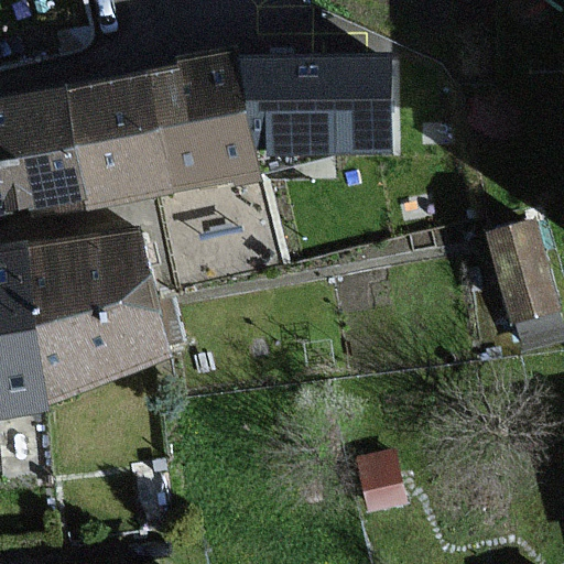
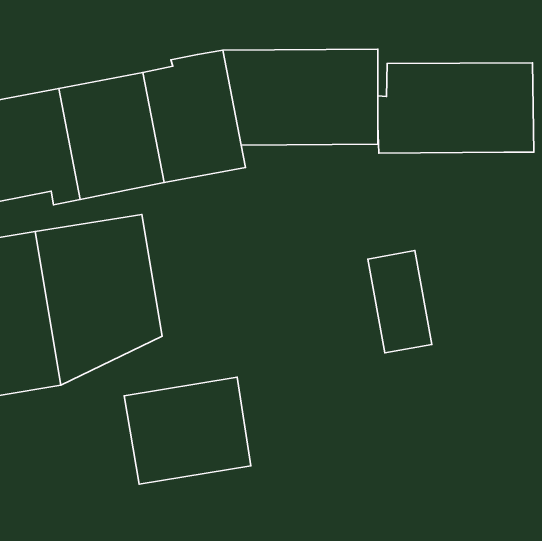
building: none -> [378,63,534,153]
building: [488,213,554,318] -> [368,250,432,353]
building: none -> [124,377,251,484]

